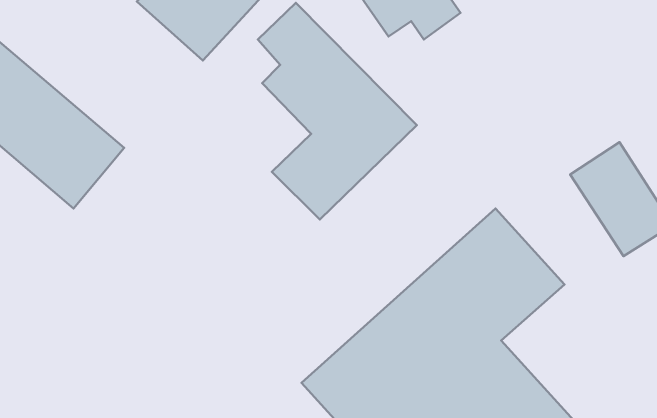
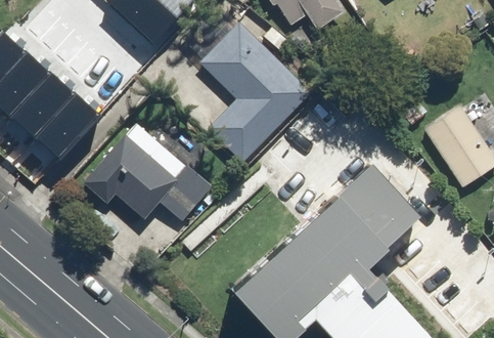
building: none -> [80,125,210,223]

